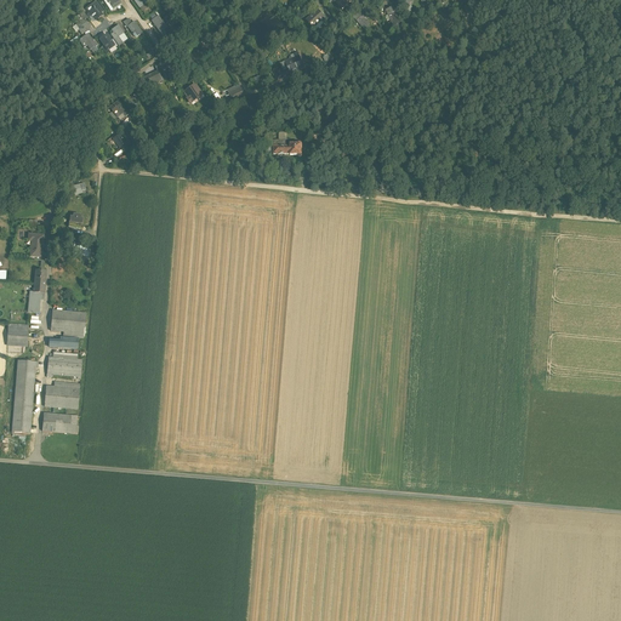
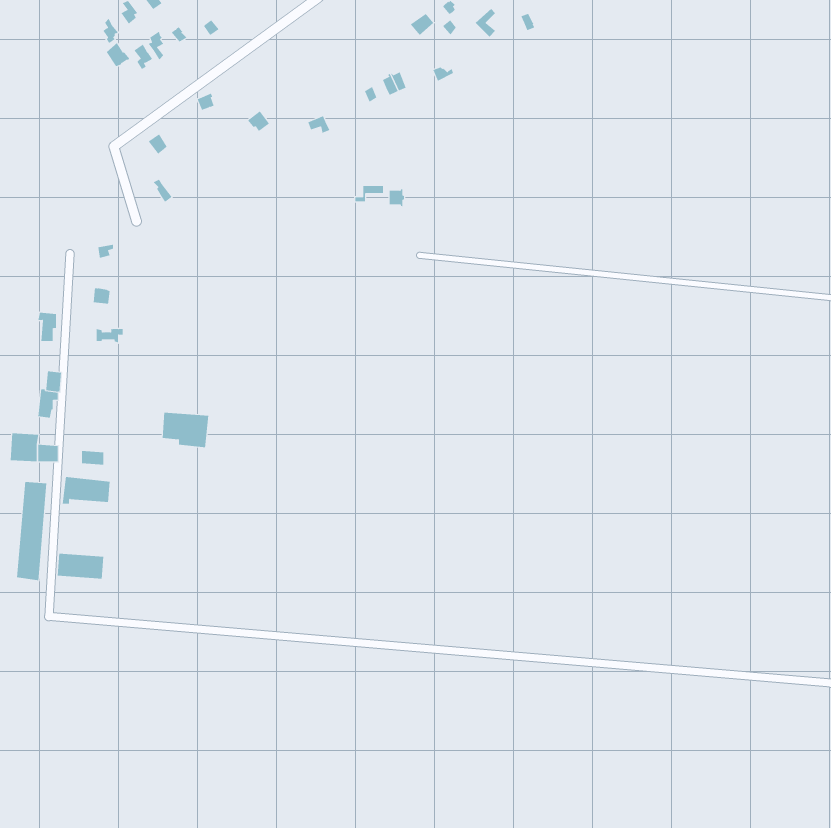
building: [51,309,86,336] -> [162,412,209,448]
building: [44,384,80,408] -> none

